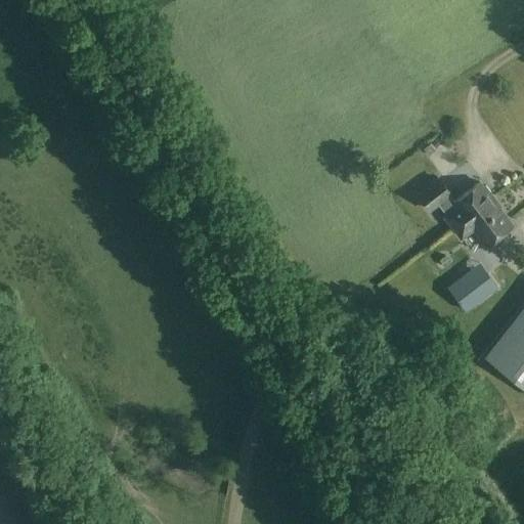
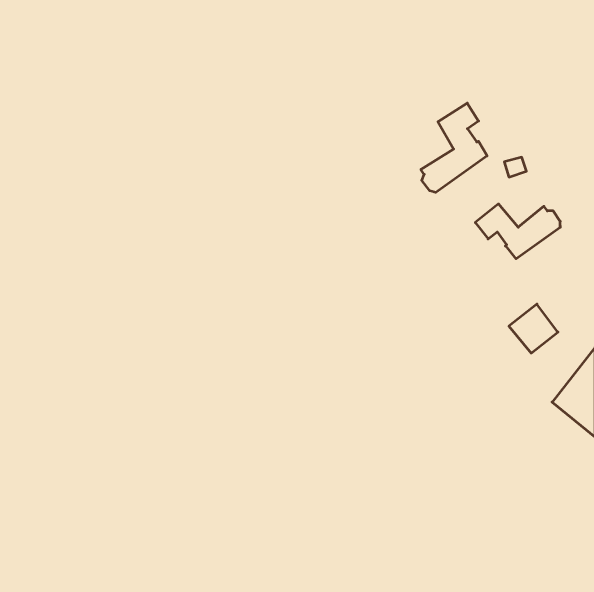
building: none -> [421,103,487,192]
building: [454,203,513,247] -> none

